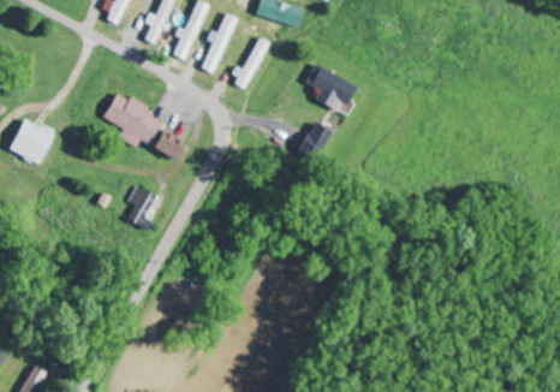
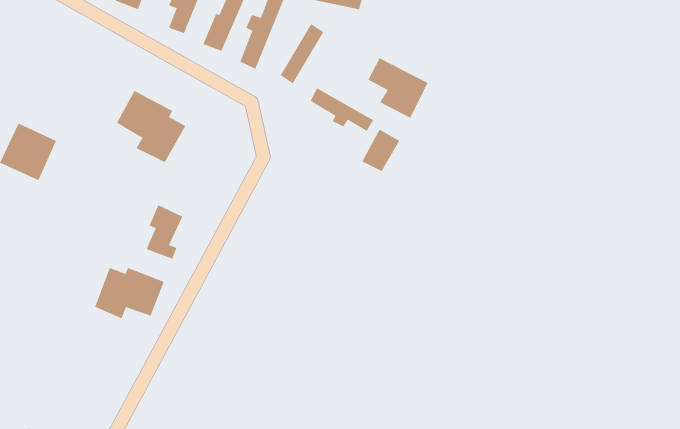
building: none -> [310,87,374,132]
building: [151,129,184,161] -> none
building: none -> [94,267,165,319]

